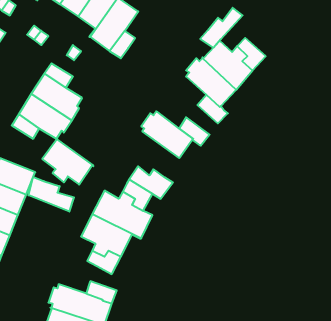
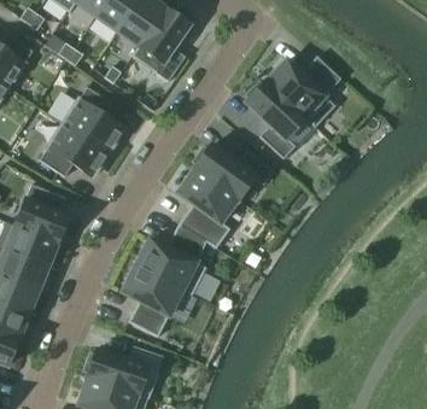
building: [200,8,243,48] -> none
building: [42,139,93,185] -> [177,168,238,222]
building: [28,177,74,212] -> none

